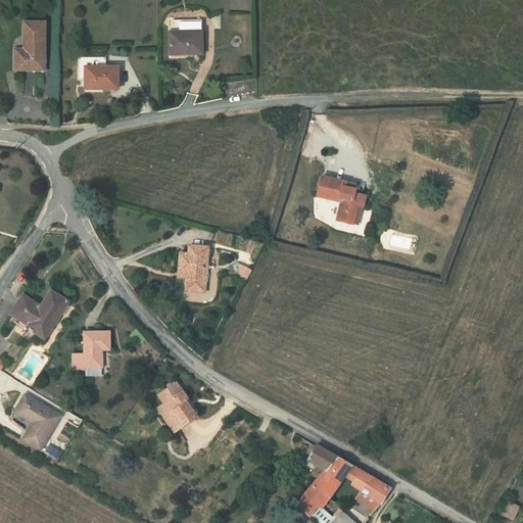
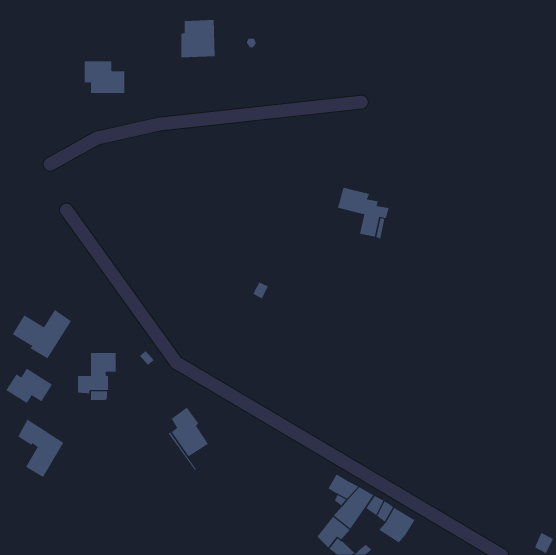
building: [15,21,45,69] -> none
building: [179,245,208,291] -> none
building: none -> [6,368,53,404]

